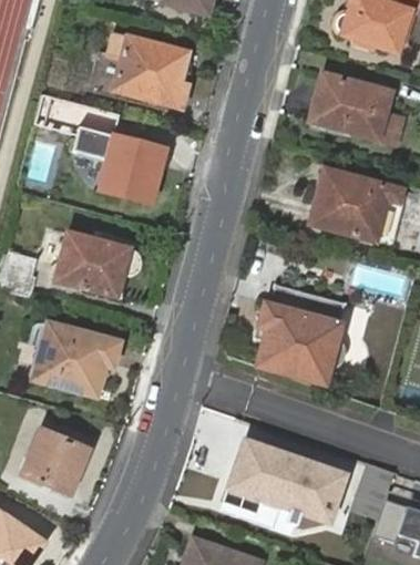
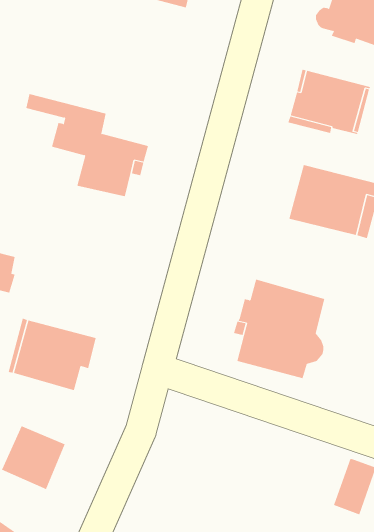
building: [109,32,189,109] -> none
building: [57,232,144,298] -> none
building: [229,441,346,521] -> none

